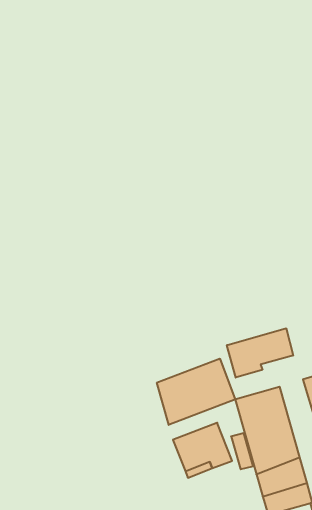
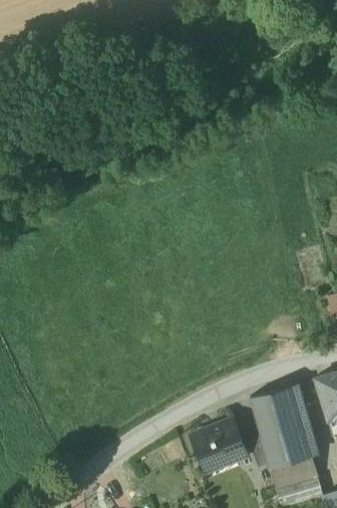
building: [227,328,293,378] -> none
building: [157,359,235,425] -> none

